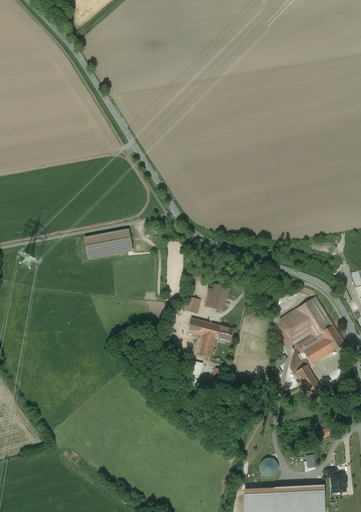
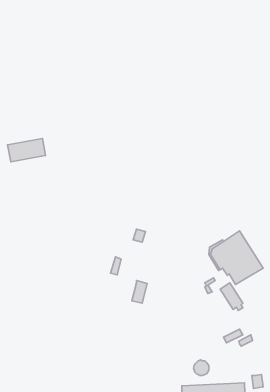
building: [85,230,132,259] -> [7,138,46,162]
building: [205,280,229,311] -> none
building: [186,318,232,359] -> none

